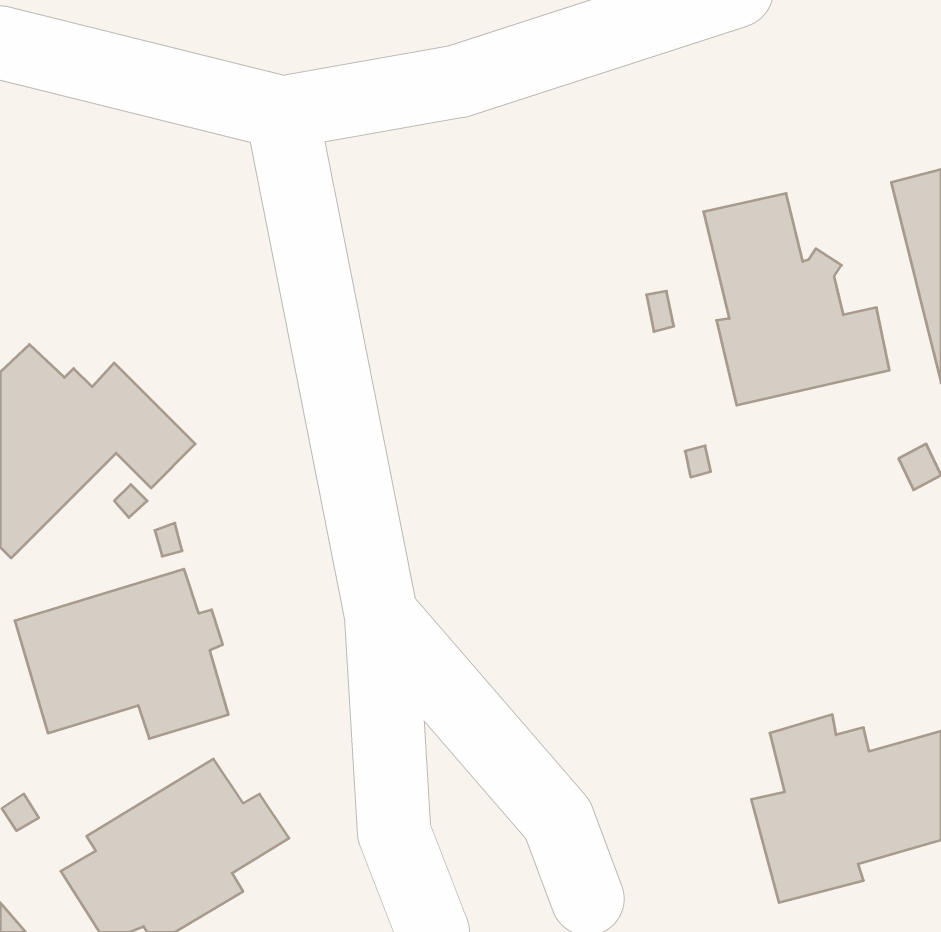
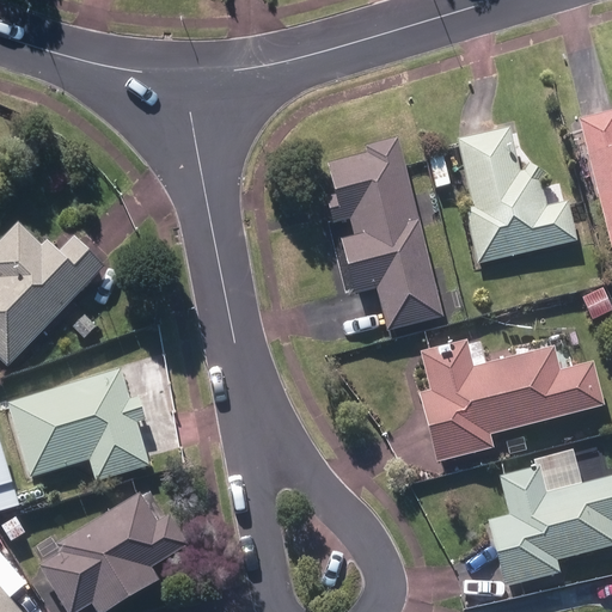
building: none -> [328,137,442,329]
building: none -> [418,338,604,461]

